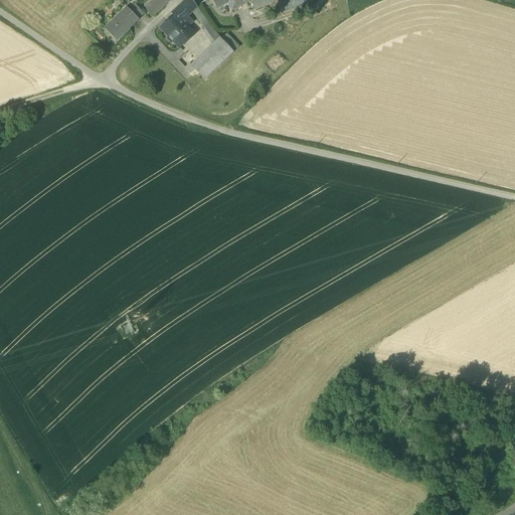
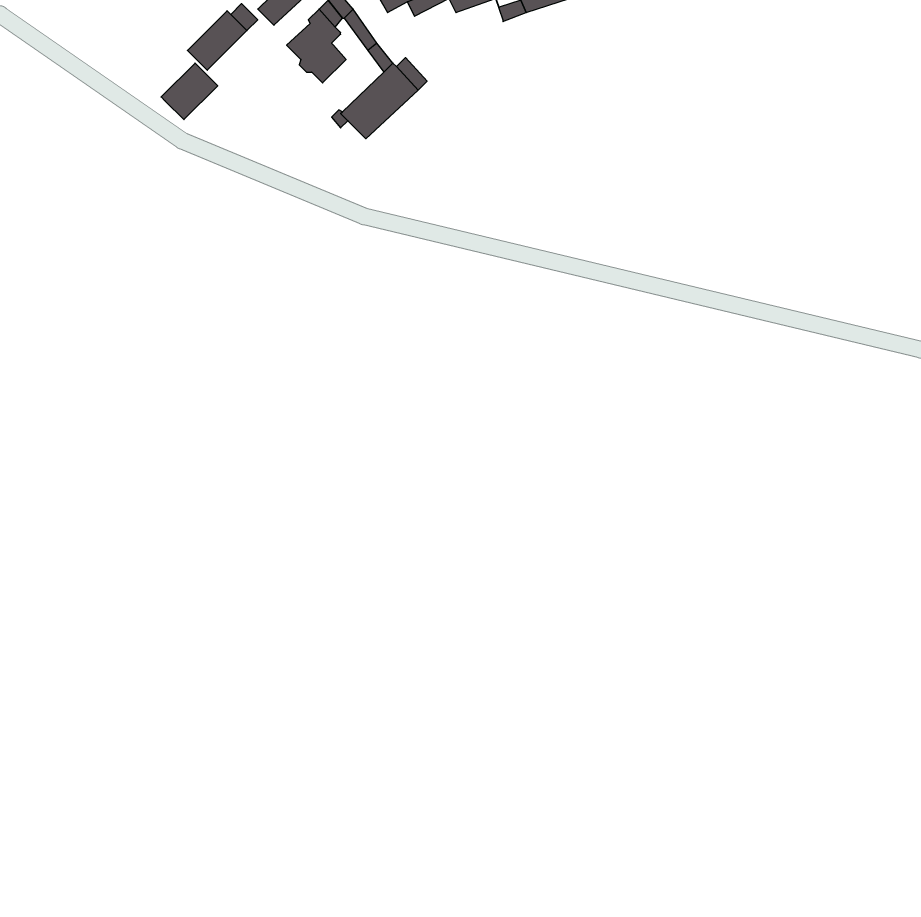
building: none -> [161,63,218,120]

